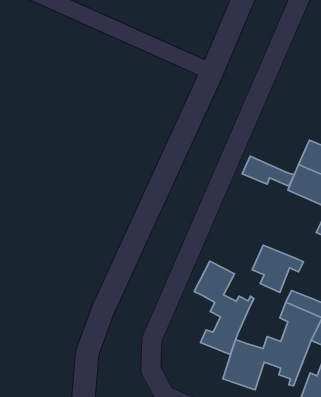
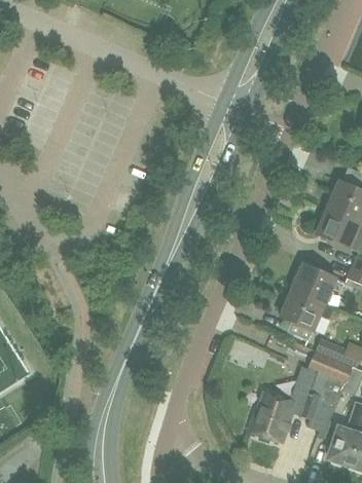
building: [242,156,294,186] -> none
building: none -> [290,263,334,304]
building: [194,261,254,355] -> none

